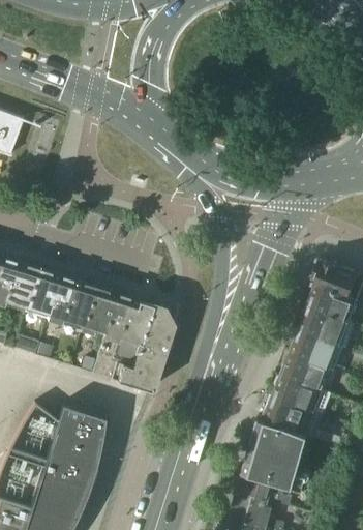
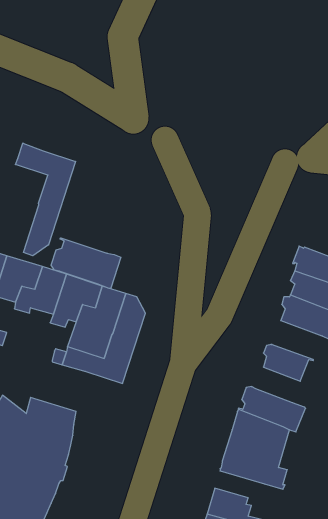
building: none -> [15,143,76,256]
building: none -> [51,238,121,288]
building: [290,332,339,370] -> none
building: [276,377,330,415] -> none
building: [237,476,292,508] -> none

